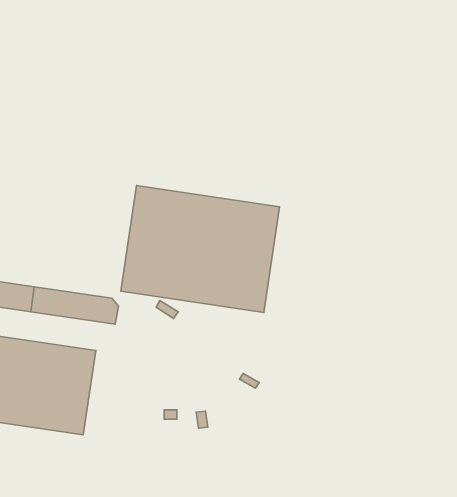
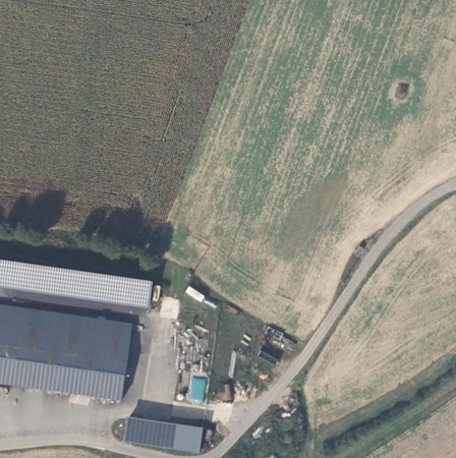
building: [121,186,280,313] -> none
building: none -> [125,413,204,449]

